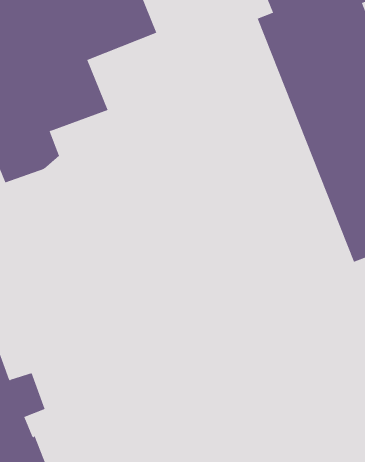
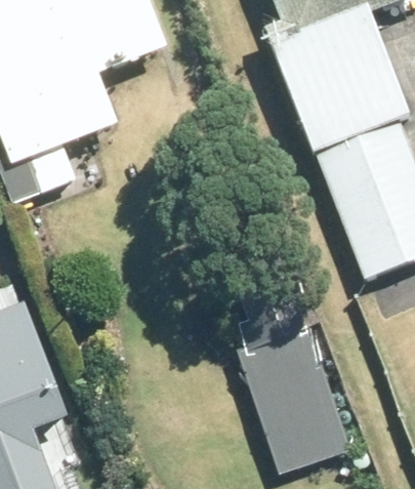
building: none -> [235,324,352,468]

